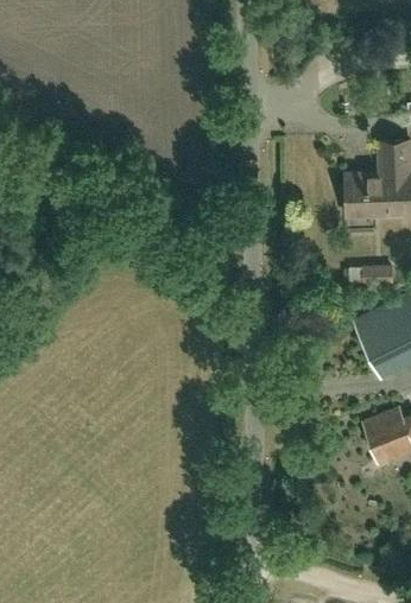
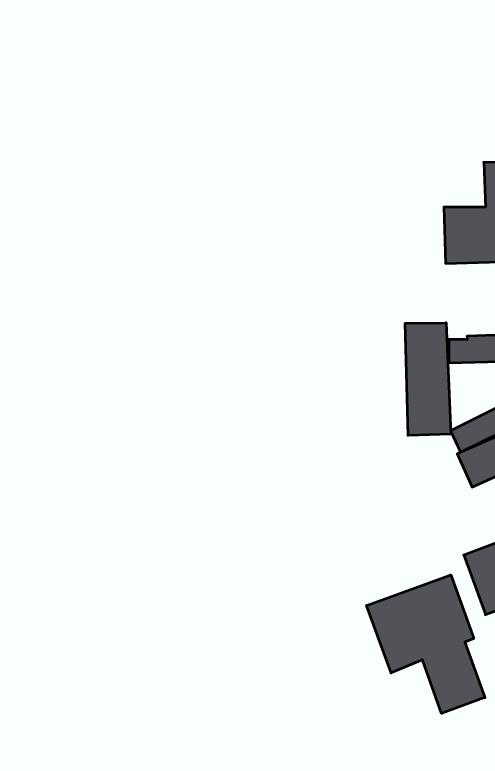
building: none -> [405,323,451,435]
building: none -> [367,575,485,713]

